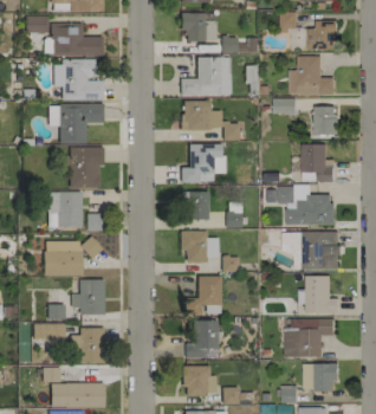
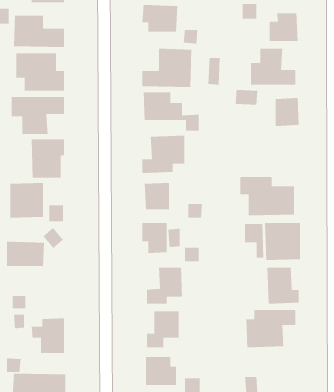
building: [302,143,333,181] -> none
building: [71,278,104,312] -> none
building: [303,363,337,390] -> none

